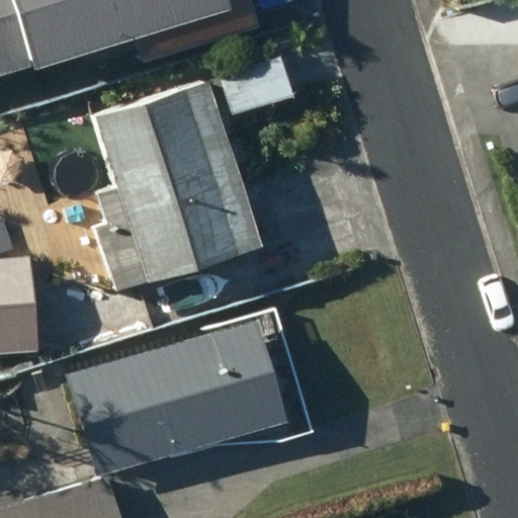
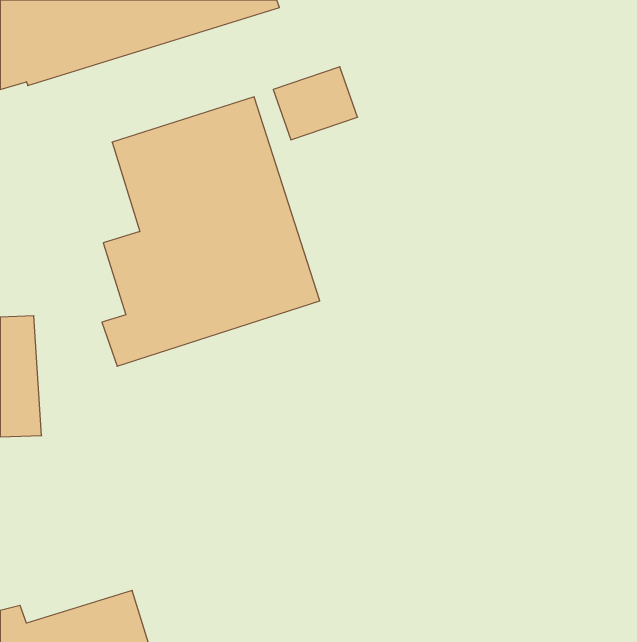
building: [67,318,287,476] -> none

